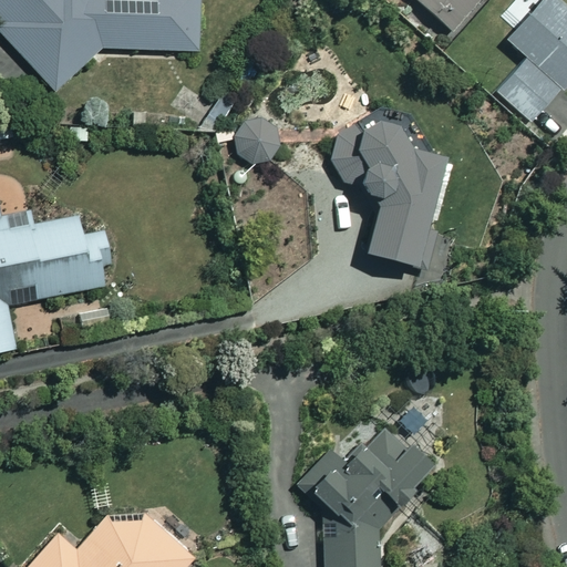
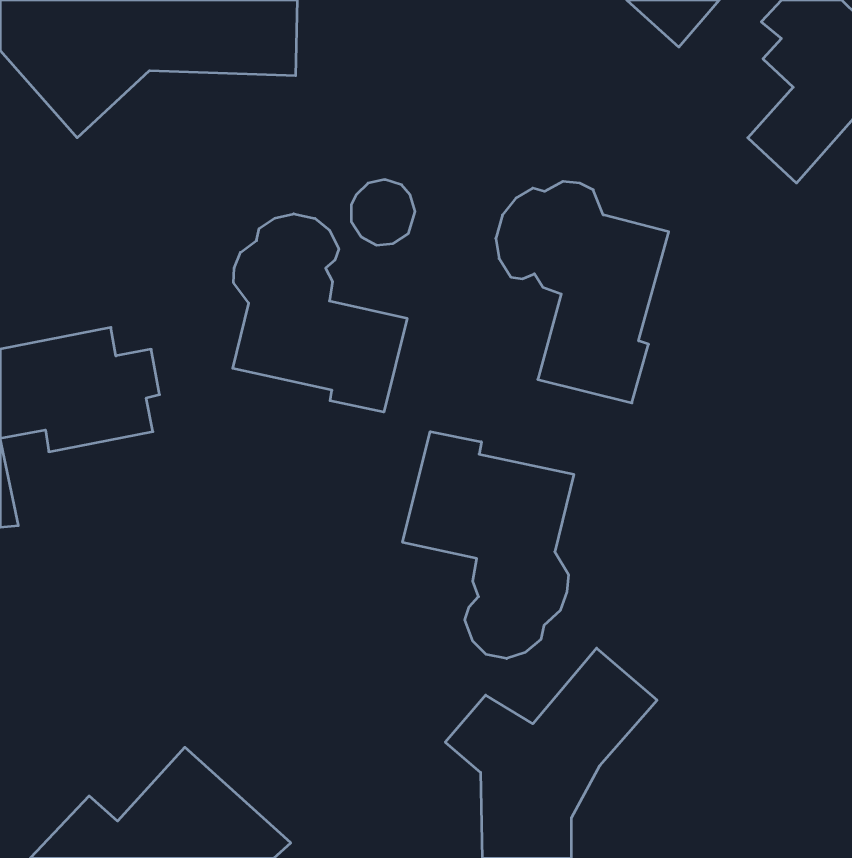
building: none -> [233,214,407,412]
building: none -> [403,432,574,659]

